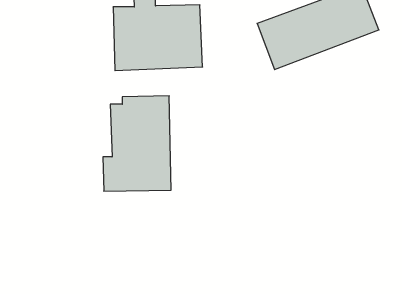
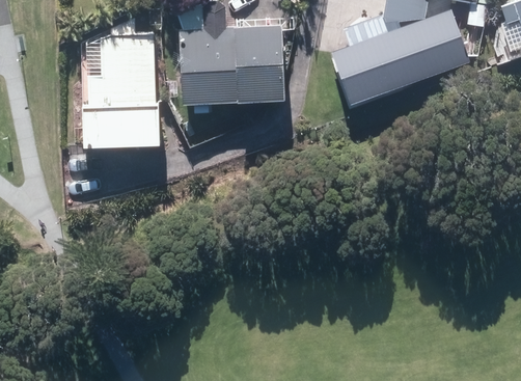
building: [103,96,171,191] -> [78,45,155,152]

